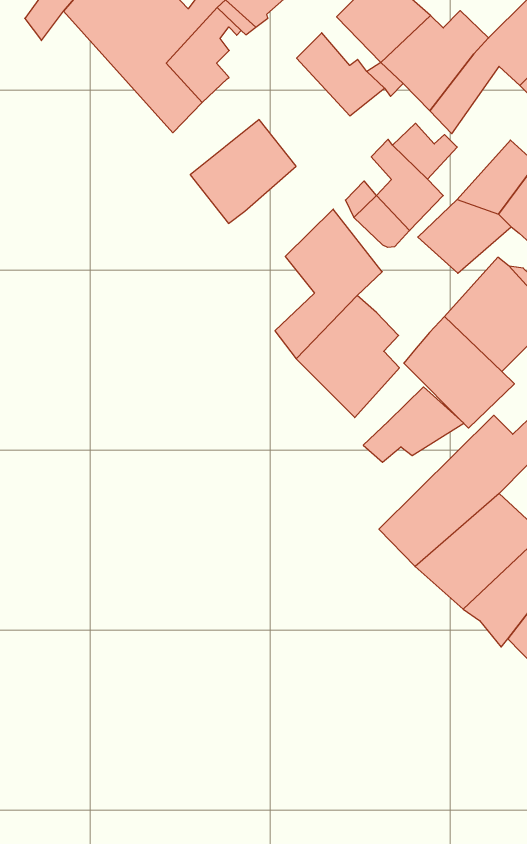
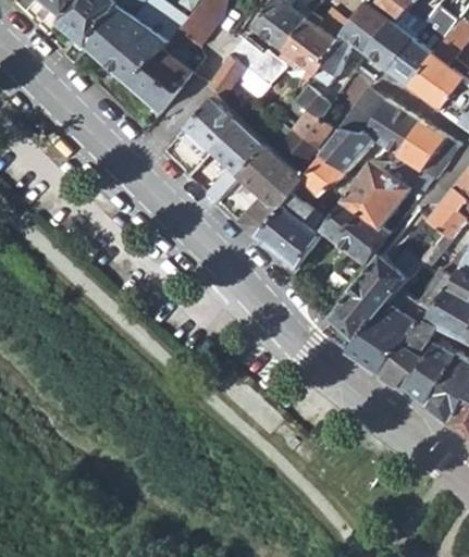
building: none -> [208,55,268,99]
building: none -> [207,122,266,206]
building: [363,387,464,462] -> [287,154,346,203]

